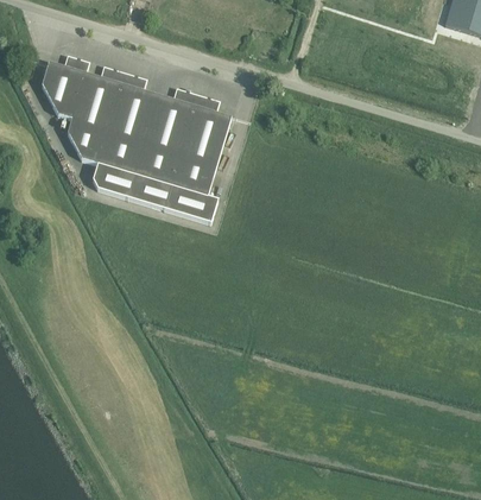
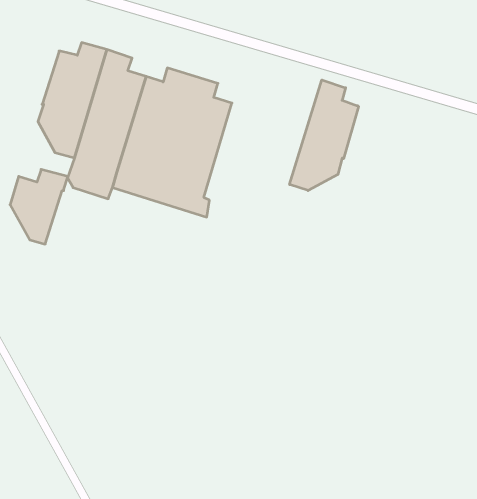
building: [42,57,90,120] -> [10,169,68,244]
building: none -> [290,80,359,191]

